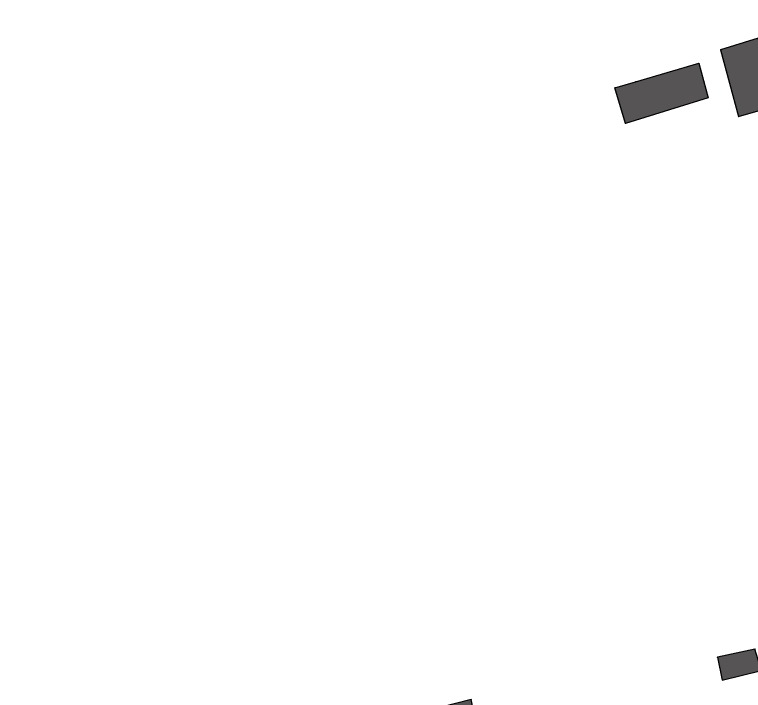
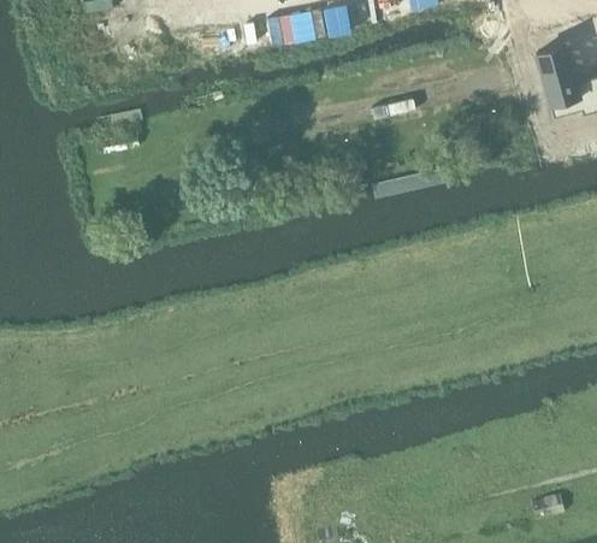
building: [615,63,708,123] -> none

